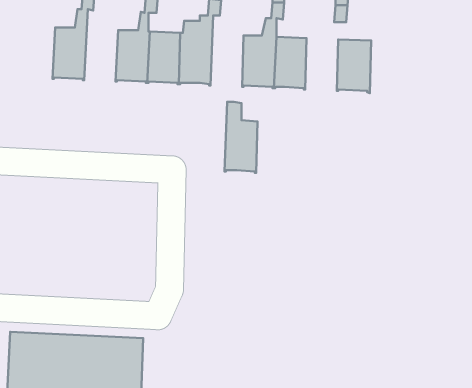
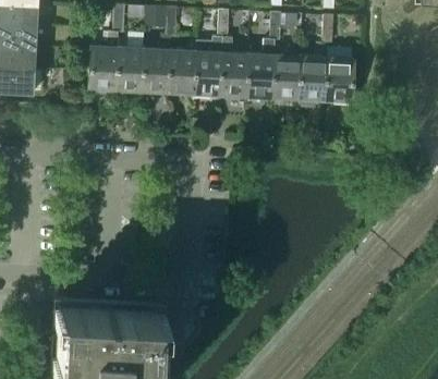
building: none -> [115,49,144,93]
building: none -> [299,57,326,100]
building: [224,102,257,173] -> [220,38,247,97]

